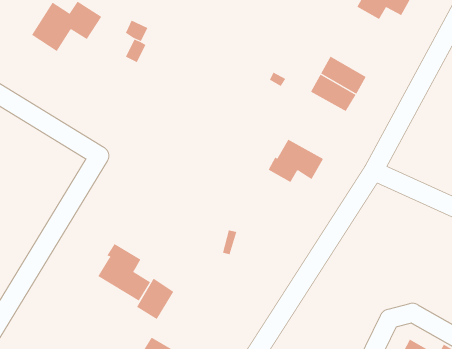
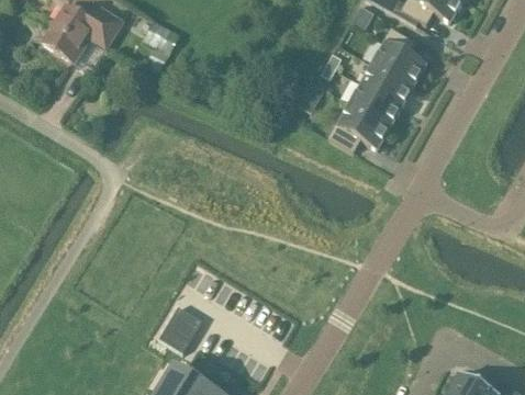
building: none -> [372,26,425,86]
building: [268,139,324,183] -> [328,102,390,150]
building: [98,243,151,302] -> none

